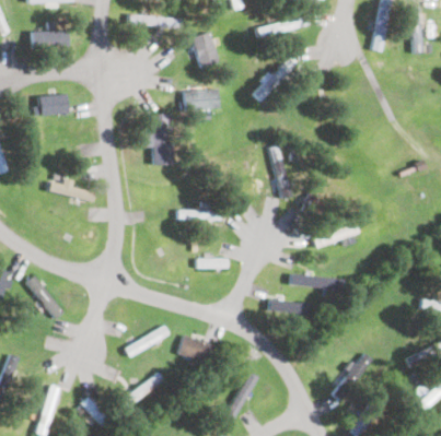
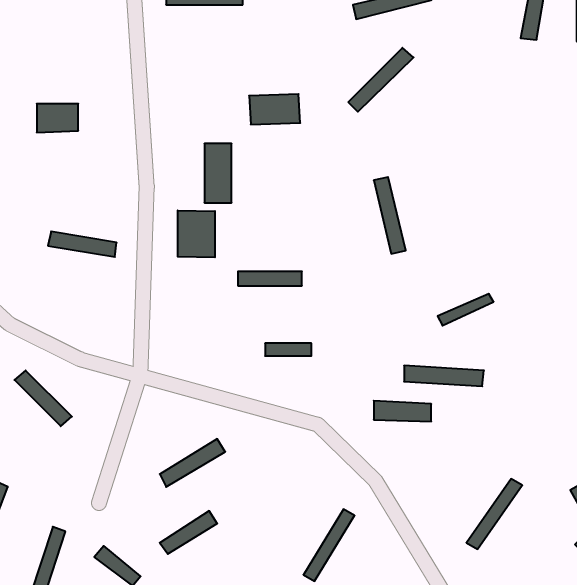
building: [32,31,68,48] -> none
building: [193,33,219,68] -> none
building: none -> [178,210,215,257]
building: [177,334,213,363] -> none

